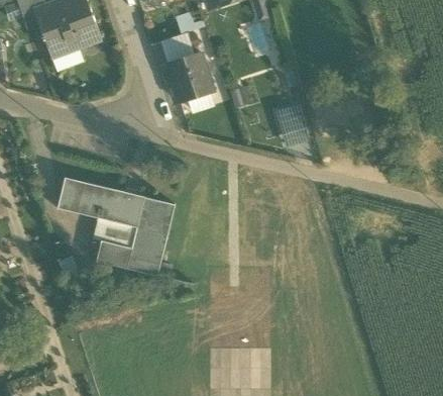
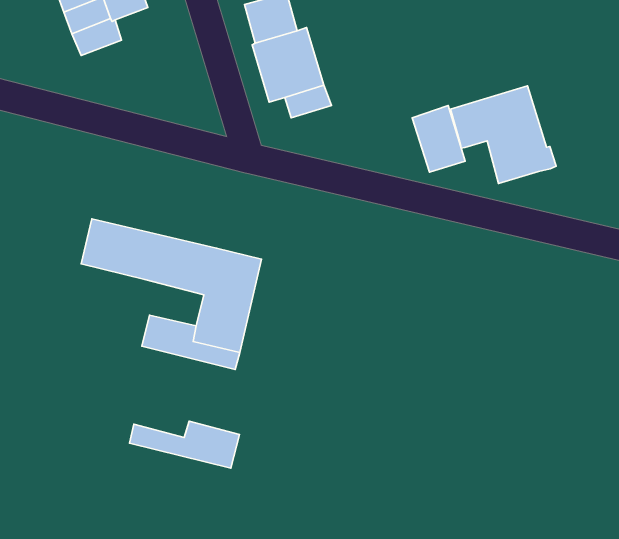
building: none -> [451,86,556,183]
building: [93,215,136,245] -> none
building: none -> [130,421,239,468]

